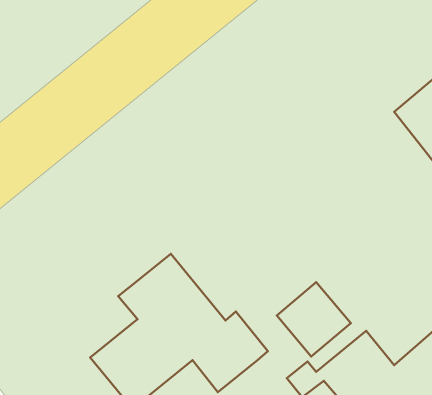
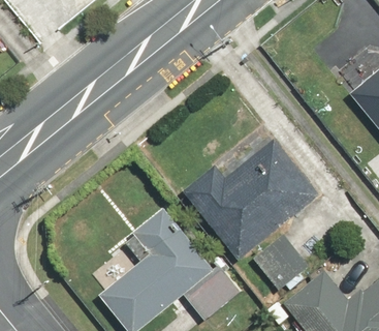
building: none -> [182,136,321,260]

